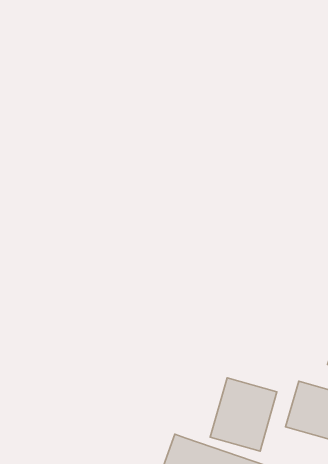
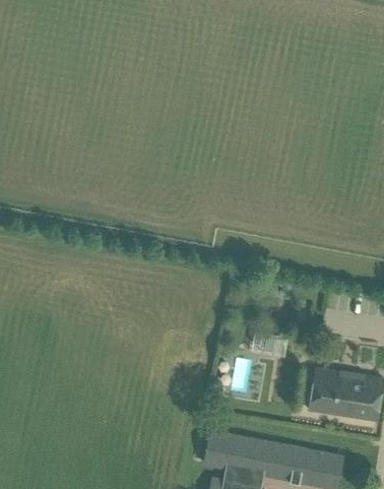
building: [210,378,277,451] -> none

